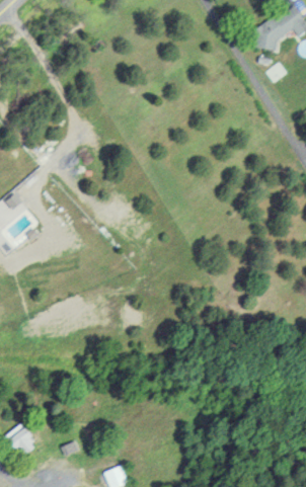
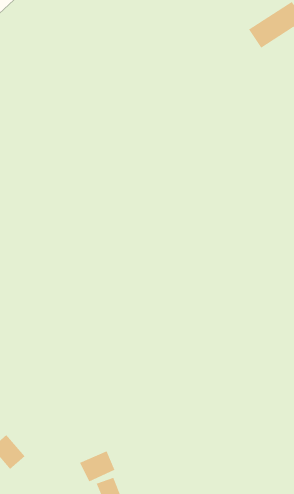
building: none -> [79,451,115,482]

